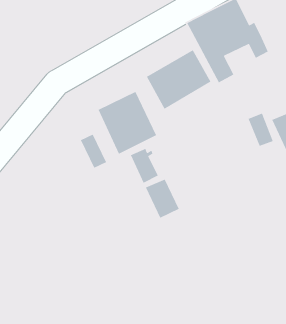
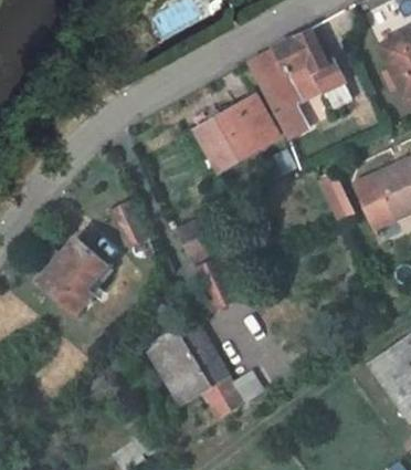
building: [97,91,157,155] -> none
building: none -> [39,237,107,313]
building: none -> [150,324,263,417]

